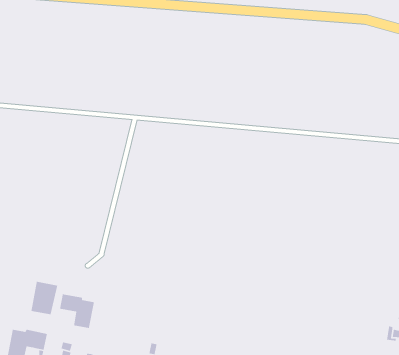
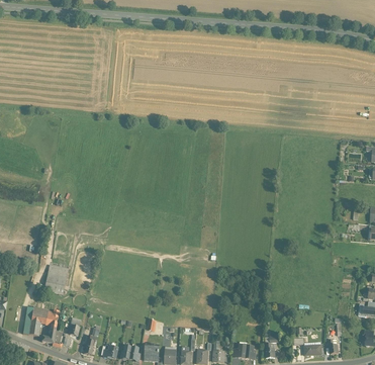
building: [59,294,95,329] -> none

